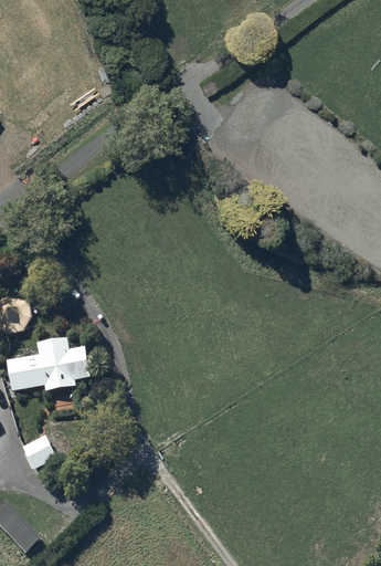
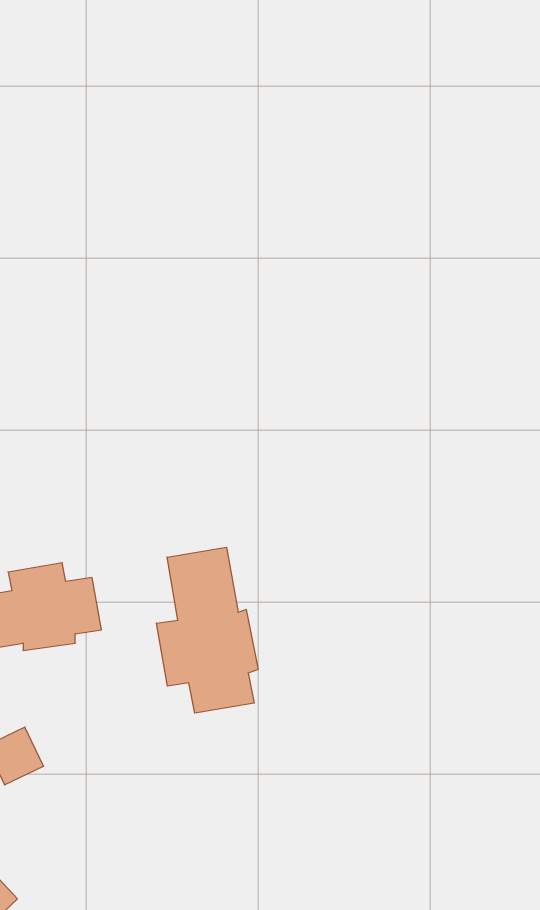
building: none -> [157,547,258,713]

